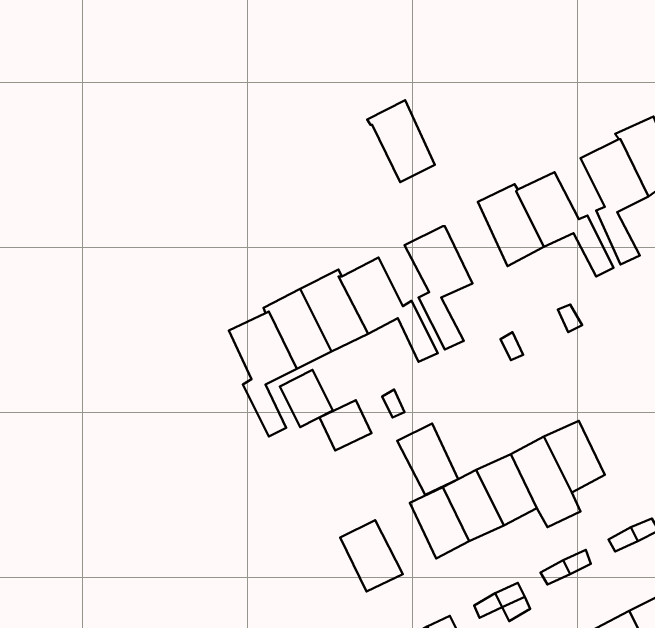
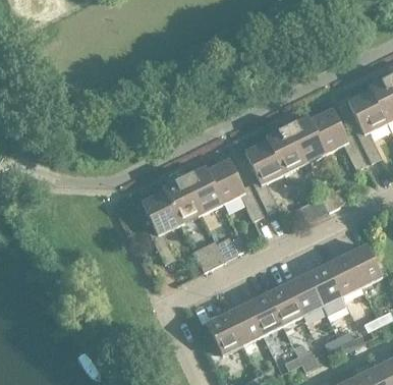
building: [367,100,435,182] -> [265,126,304,174]
building: [280,370,333,427] -> none
building: none -> [346,244,382,286]
building: [397,423,458,495] -> [227,302,263,344]

